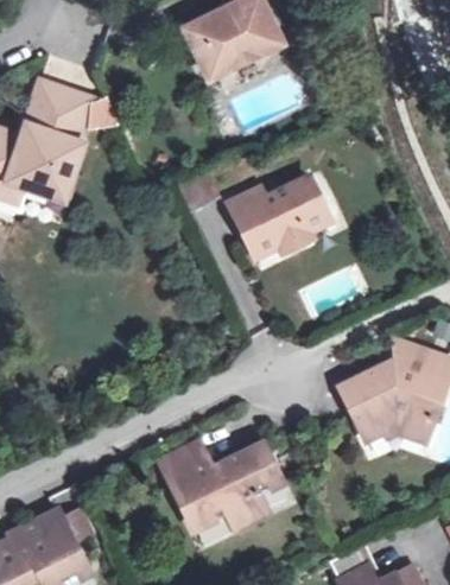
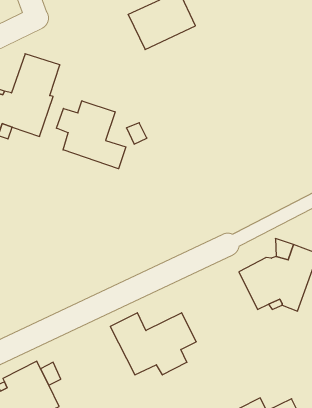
building: none -> [56,101,126,169]
building: [227,176,325,255] -> none

